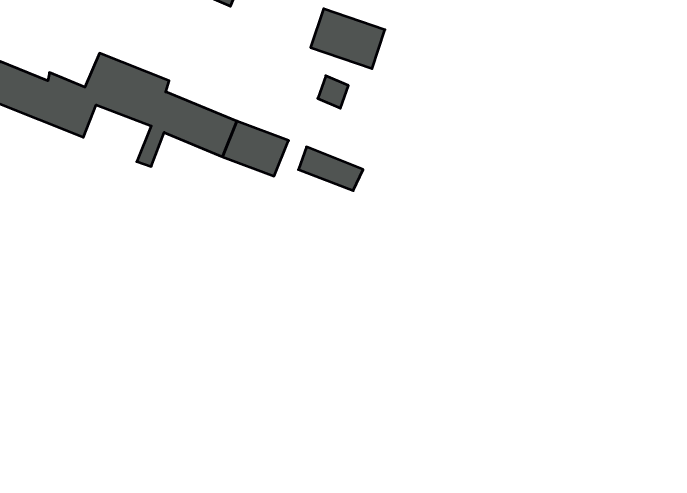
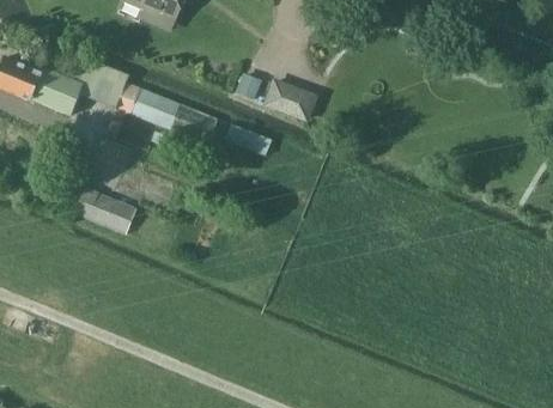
building: [311,9,385,69] -> [265,75,320,120]
building: none -> [73,188,136,236]

